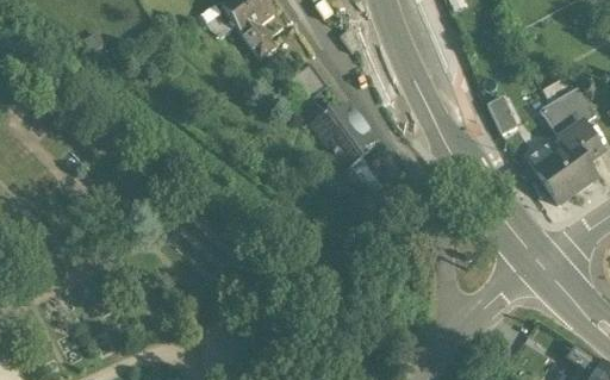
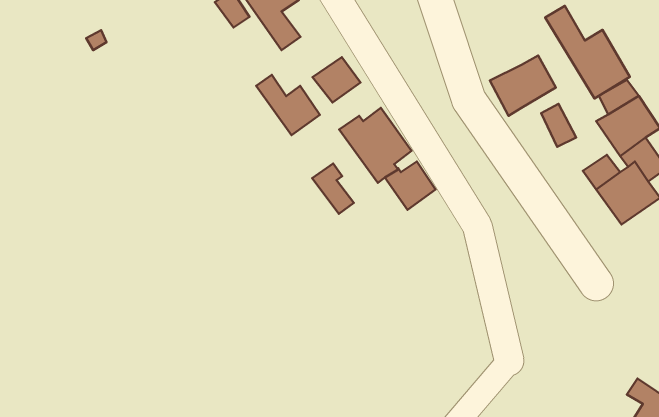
building: none -> [545,6,630,98]
building: none -> [490,55,556,116]
building: none -> [256,75,320,135]
building: none -> [312,163,354,214]

